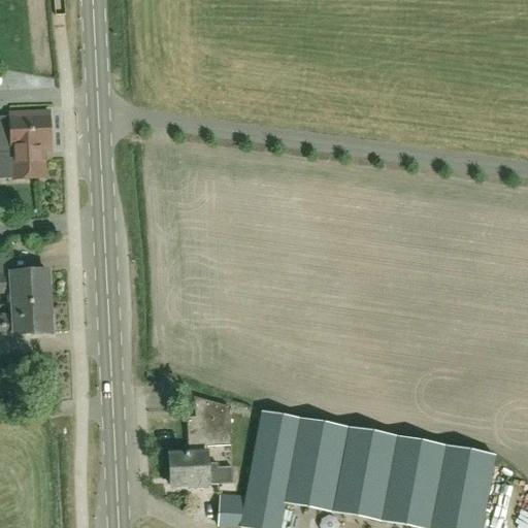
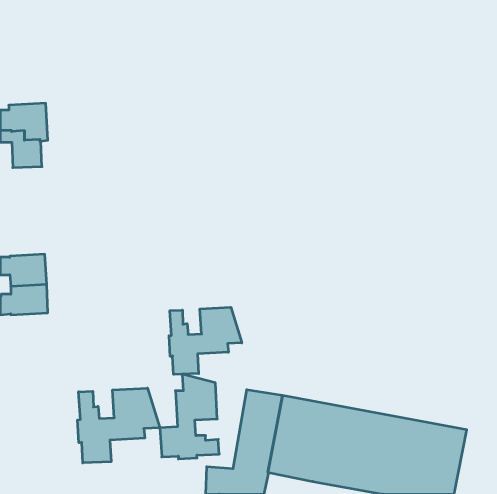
building: none -> [169,307,242,374]
building: none -> [78,388,160,463]

